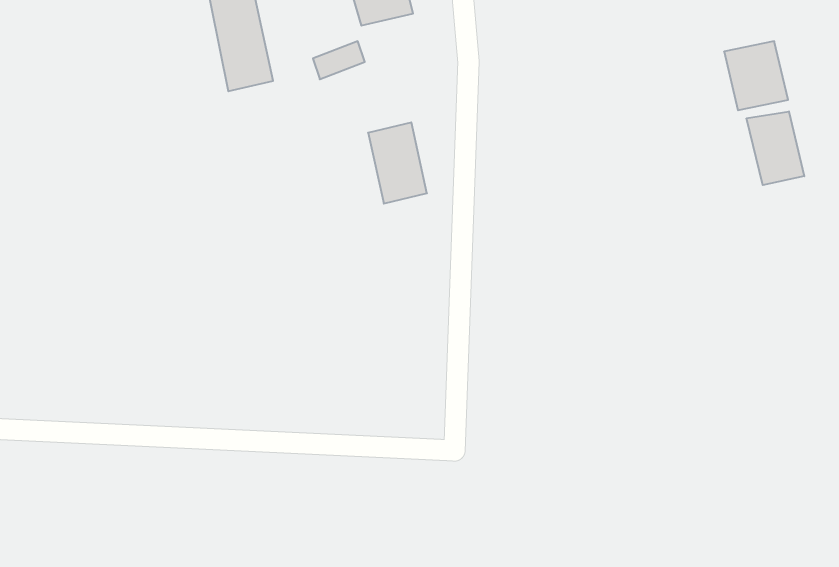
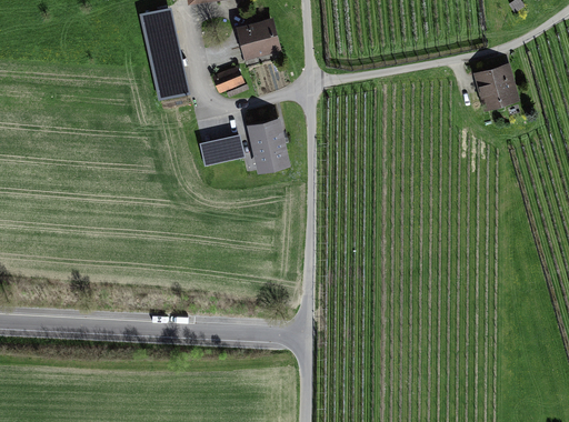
building: [747,111,804,185] -> none
building: none -> [200,133,243,163]

